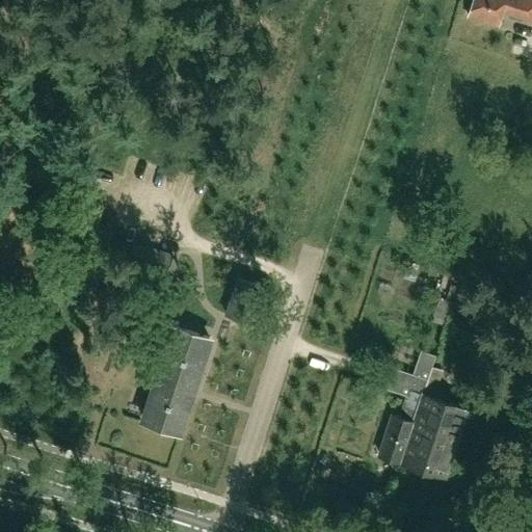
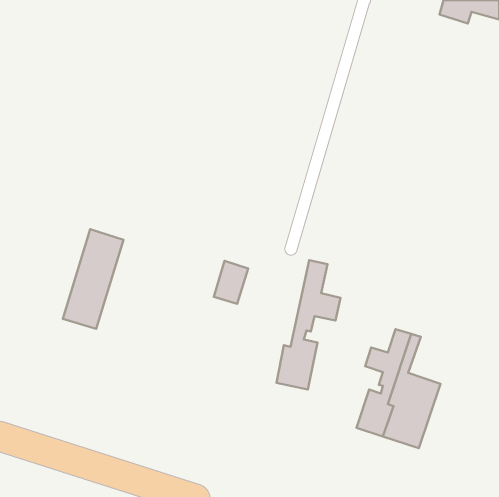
building: none -> [276,260,341,389]
building: [145,328,210,434] -> [63,229,123,329]

